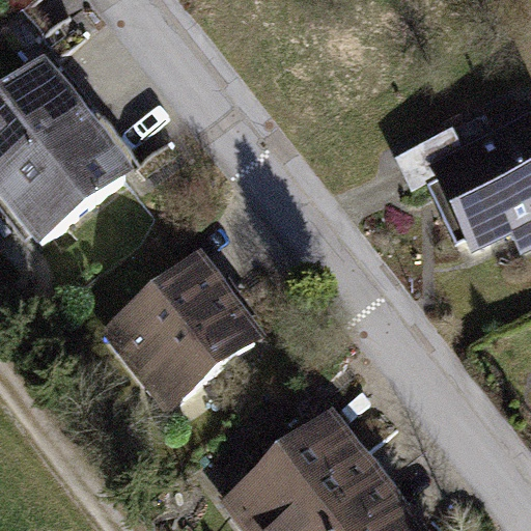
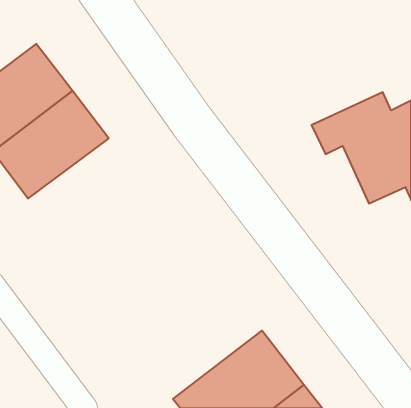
building: [97,247,274,416] -> none

